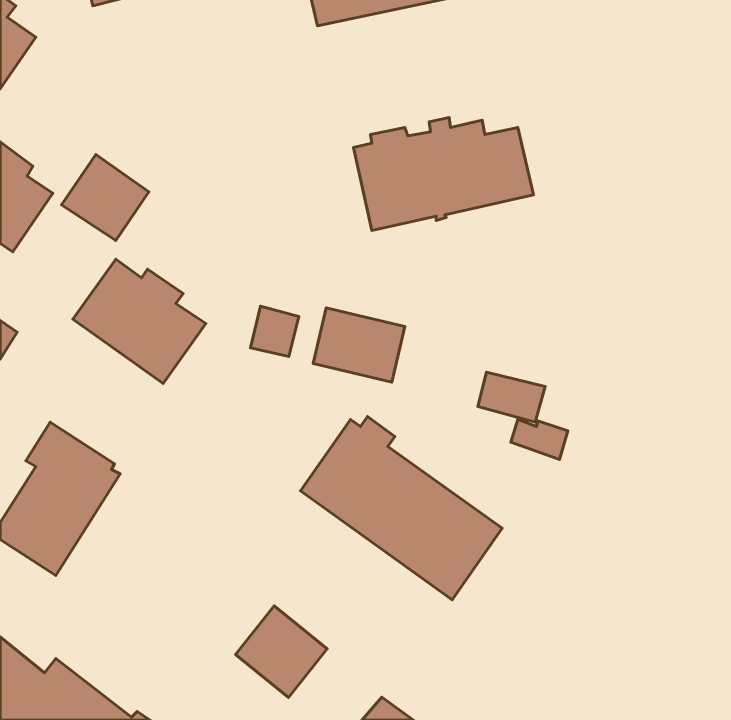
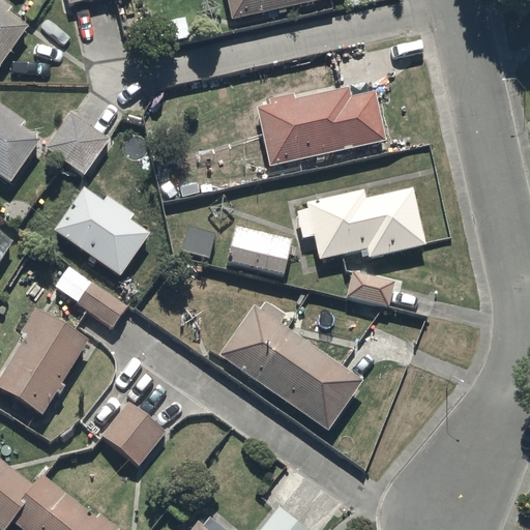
building: none -> [296,188,423,260]
building: none -> [55,266,127,327]
building: [236,606,327,698] -> [100,400,167,466]

